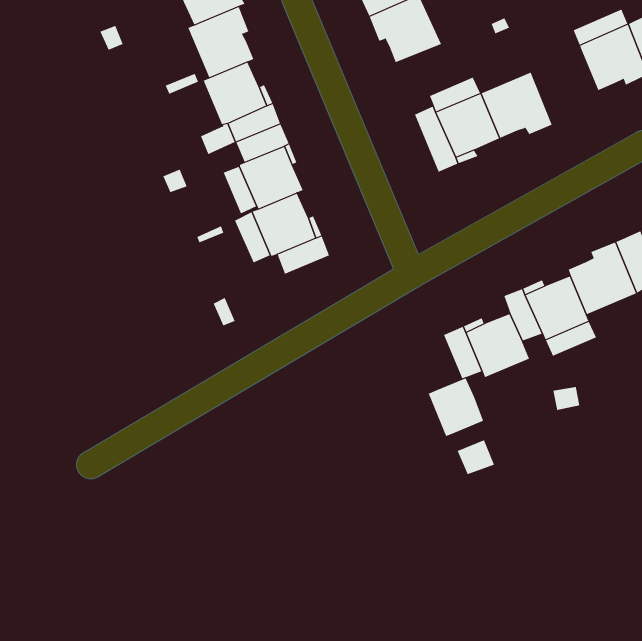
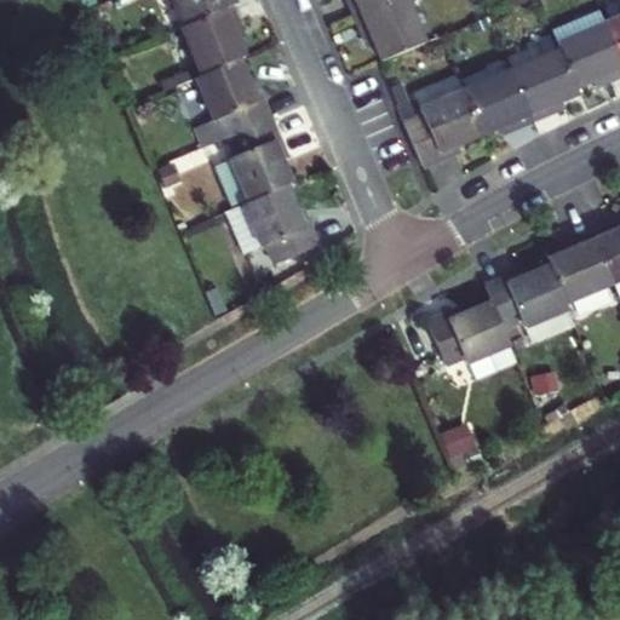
building: none -> [512,50,579,120]
building: [428,378,484,437] -> none

